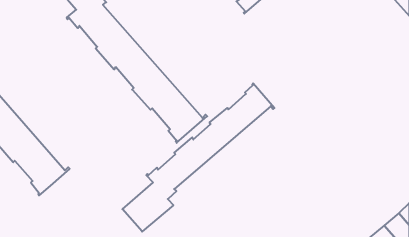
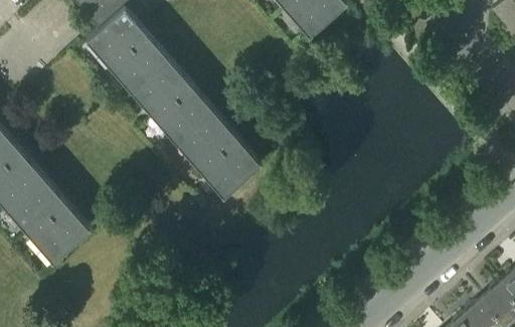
building: [122,83,274,232] -> none

